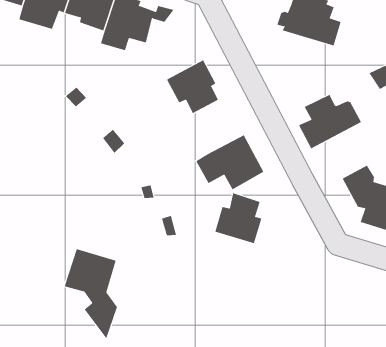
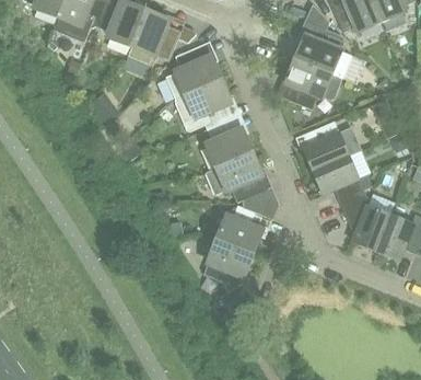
building: none -> [166,43,221,99]
building: none -> [285,58,342,108]
building: none -> [207,117,253,166]
building: none -> [313,149,373,199]
building: [64,249,118,340] -> [203,239,254,325]

